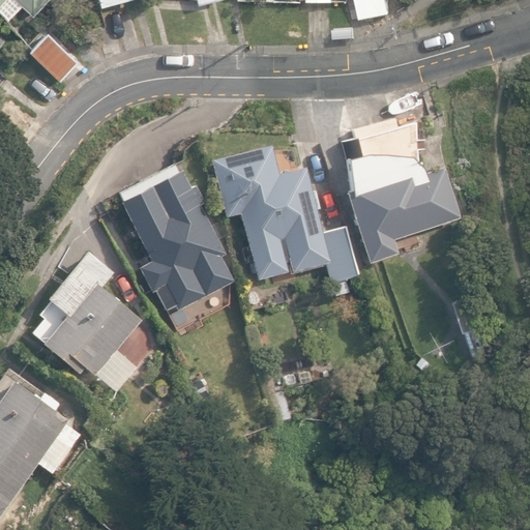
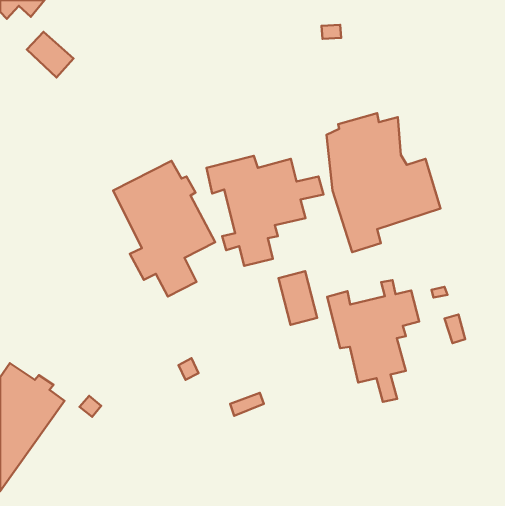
building: [318,226,358,282] -> [278,271,317,325]
building: [42,251,141,384] -> none
building: none -> [327,280,419,402]

